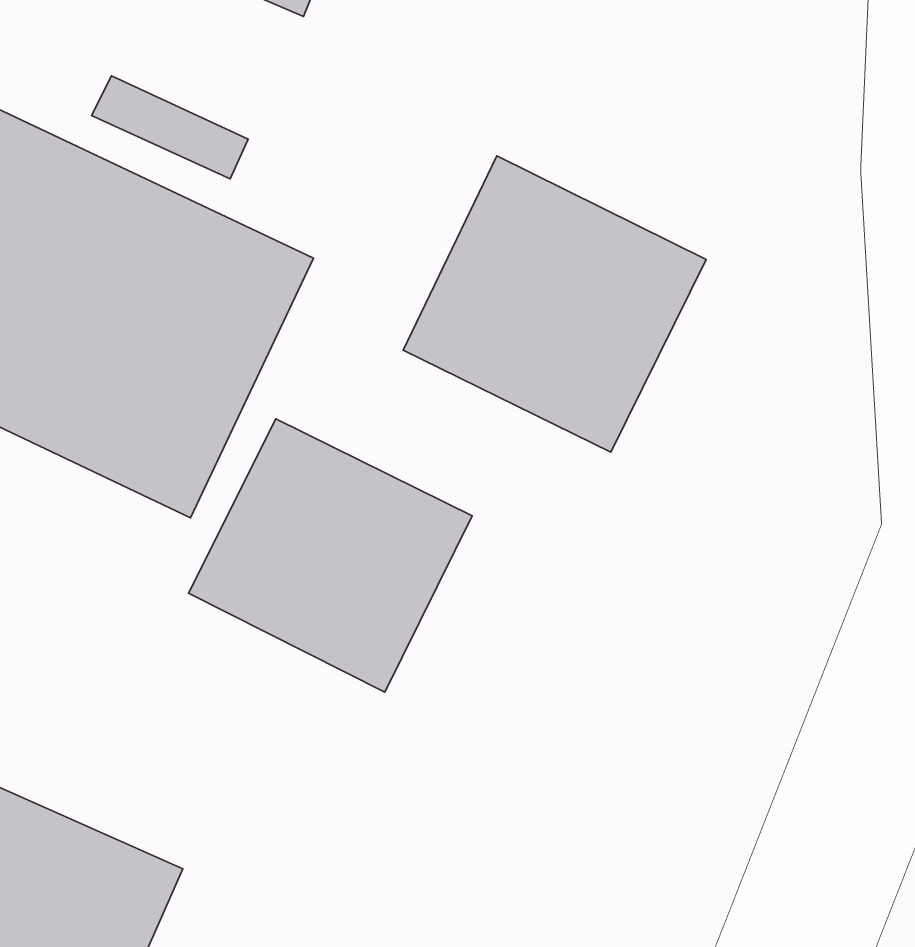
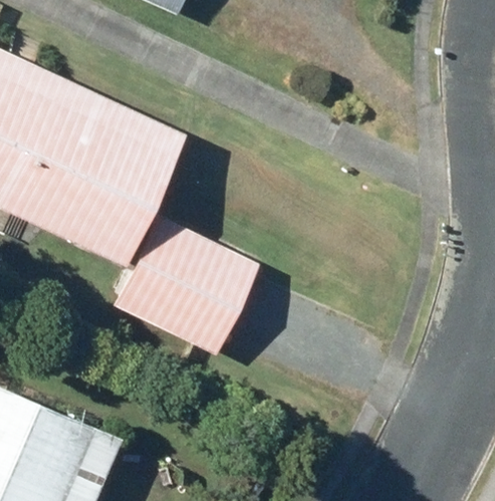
building: [403,156,706,452] -> none

